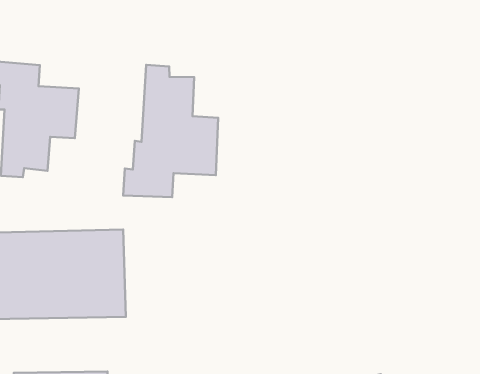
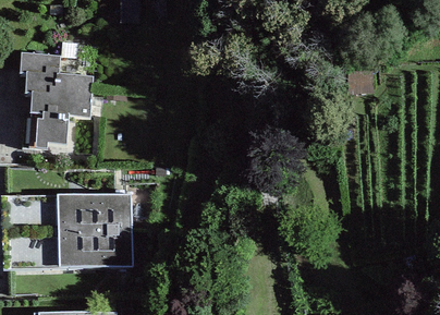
building: [123,65,218,197] -> none

